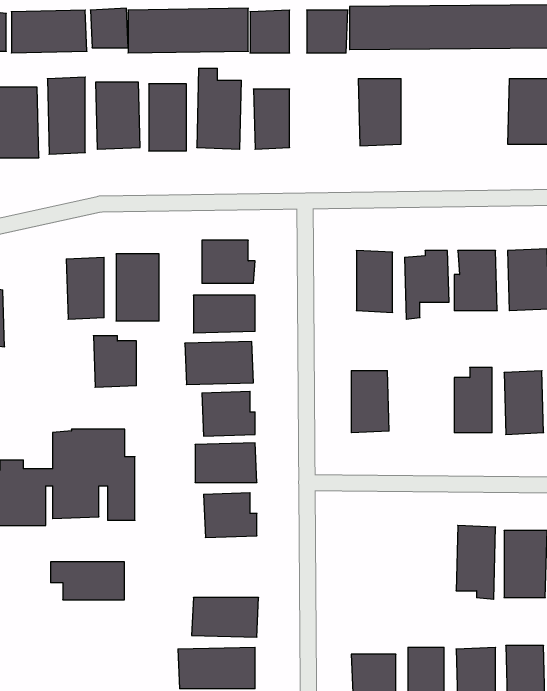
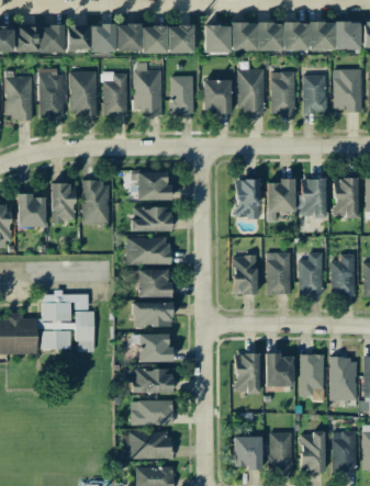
building: none -> [271,71,295,114]
building: none -> [302,75,327,113]
building: none -> [203,80,232,114]
building: [93,336,136,387] -> [18,194,45,227]
building: none -> [267,252,291,295]
building: none -> [235,353,259,393]
building: none -> [266,354,293,386]
building: [51,562,124,600] -> [125,369,172,393]

